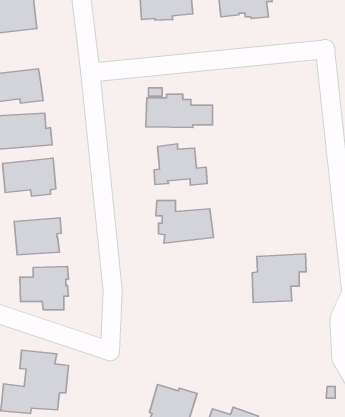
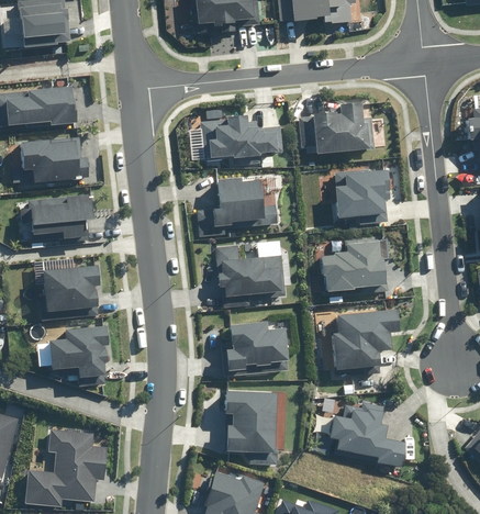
building: none -> [306,103,384,154]
building: none -> [336,171,390,219]
building: none -> [320,241,387,292]
building: none -> [225,323,287,372]
building: none -> [224,391,277,466]
building: none -> [328,402,402,466]

